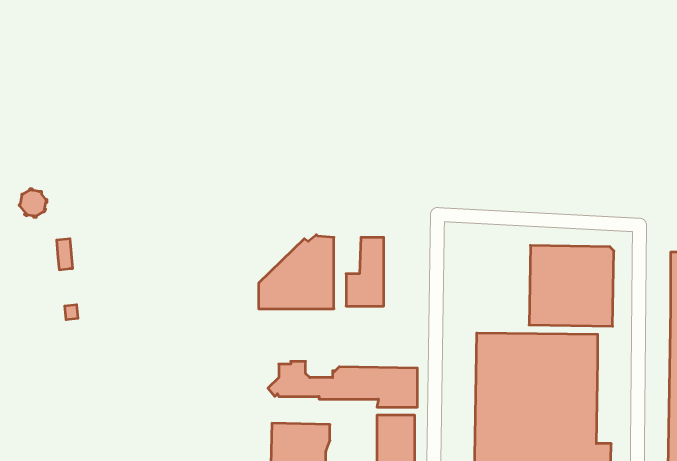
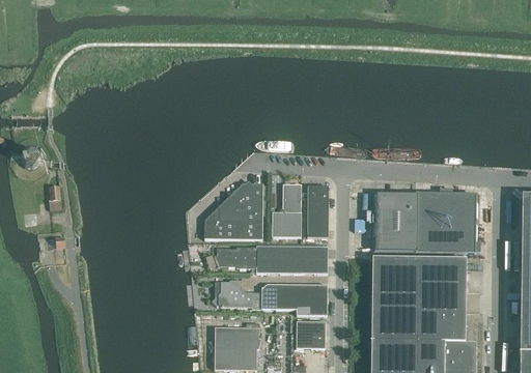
building: none -> [307,185,328,237]
building: none -> [372,190,414,252]
building: none -> [215,246,328,274]

